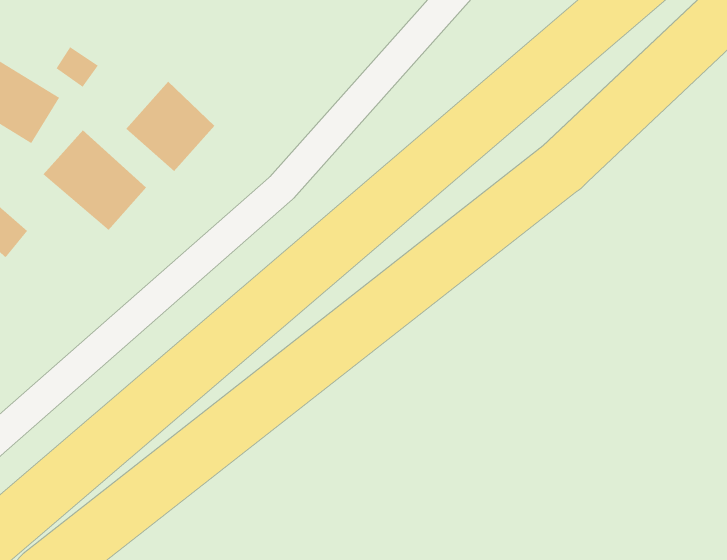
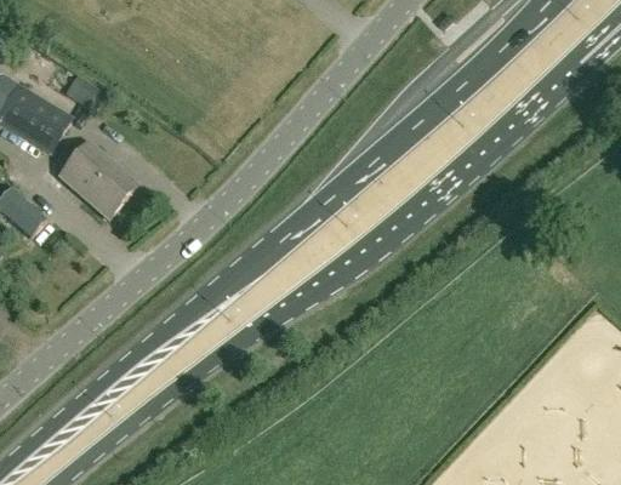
building: [126,81,215,172] -> none

